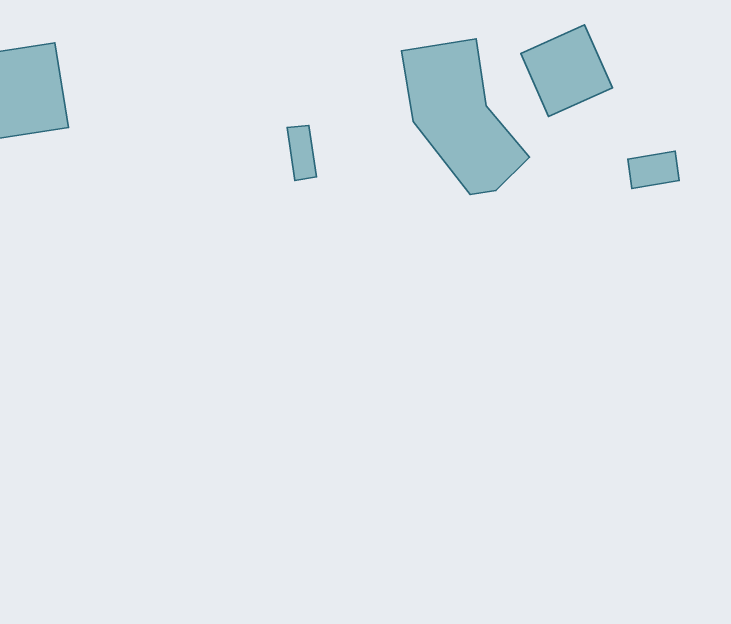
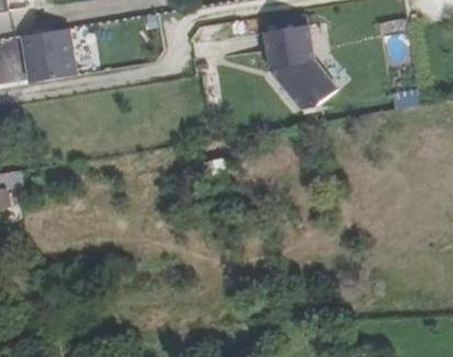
building: [521,25,612,116] -> none

